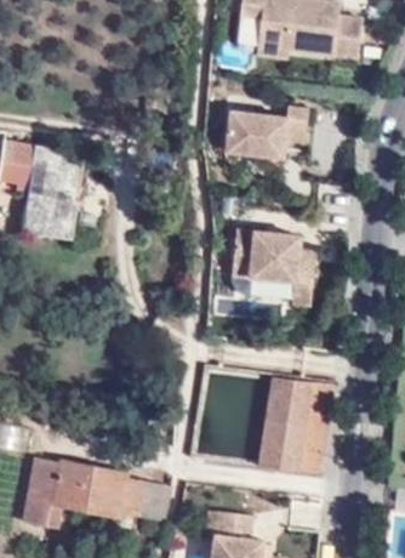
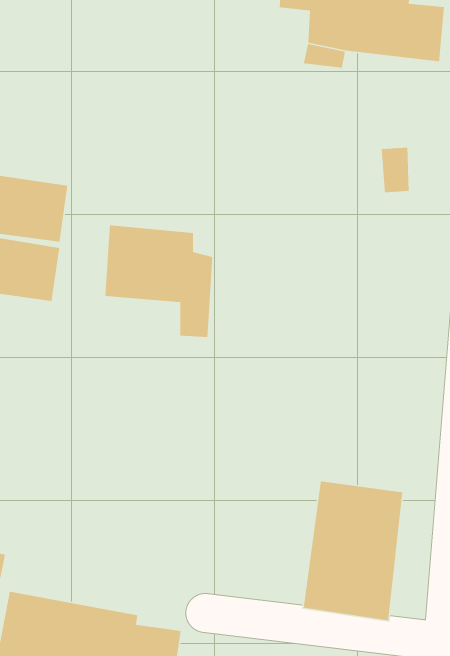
building: [223,102,312,158] -> none
building: [233,227,315,313] -> [104,224,213,338]

